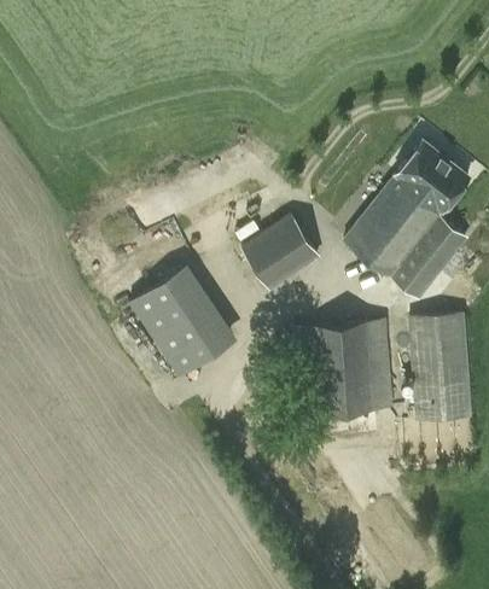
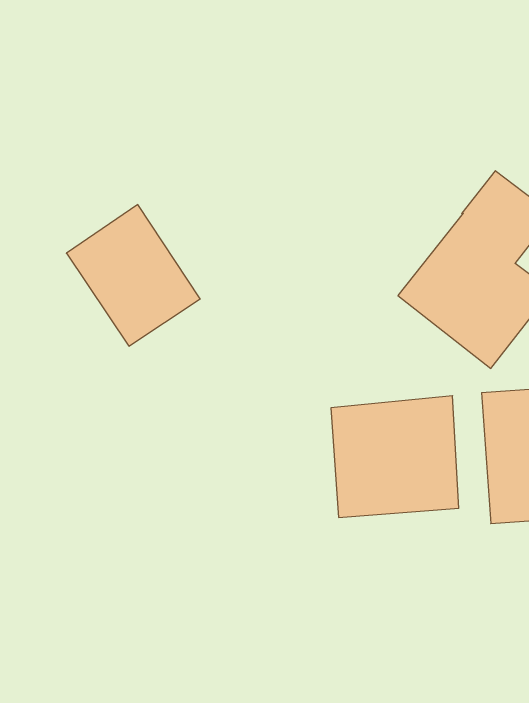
building: [243,215,318,288] -> none
building: [130,263,237,375] -> [66,205,200,346]

